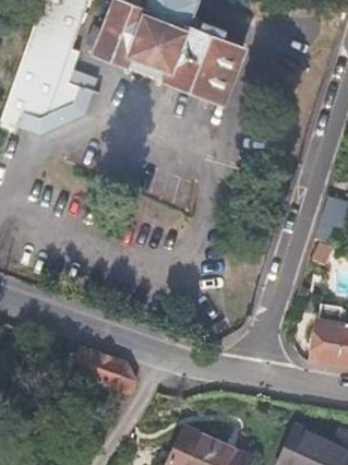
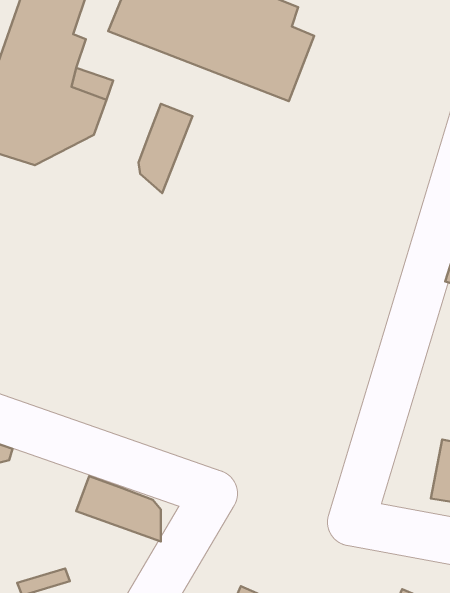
building: none -> [139,104,193,193]

